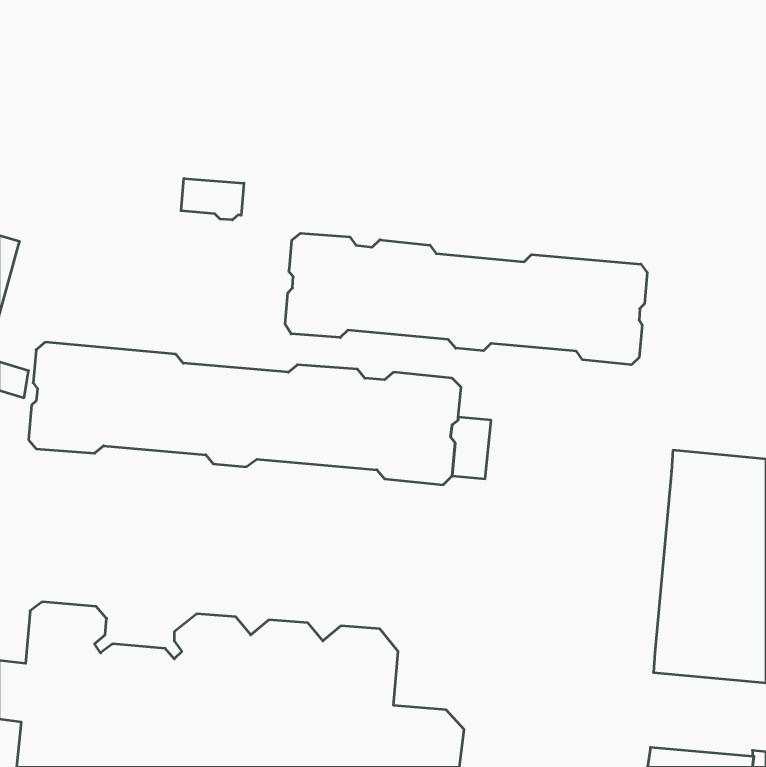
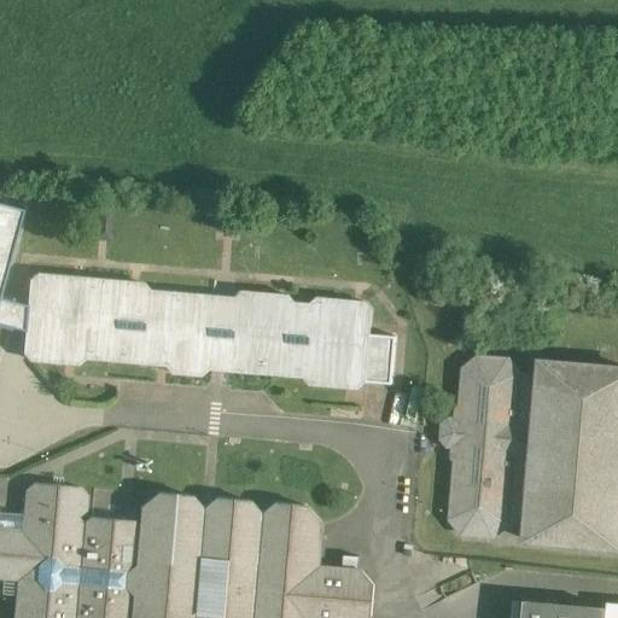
building: [181,178,244,220] -> none
building: [285,233,647,365] -> none
building: none -> [443,358,540,537]

